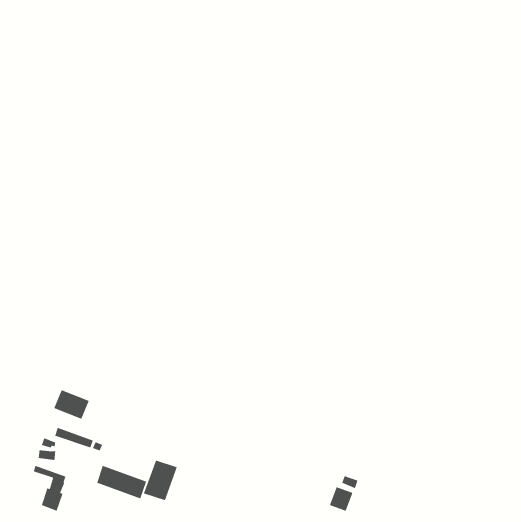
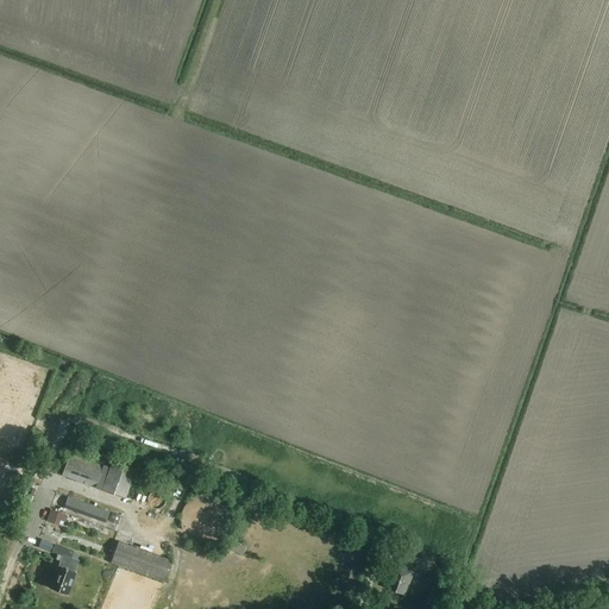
building: none -> [96,458,137,500]
building: [143,459,178,501] -> none

